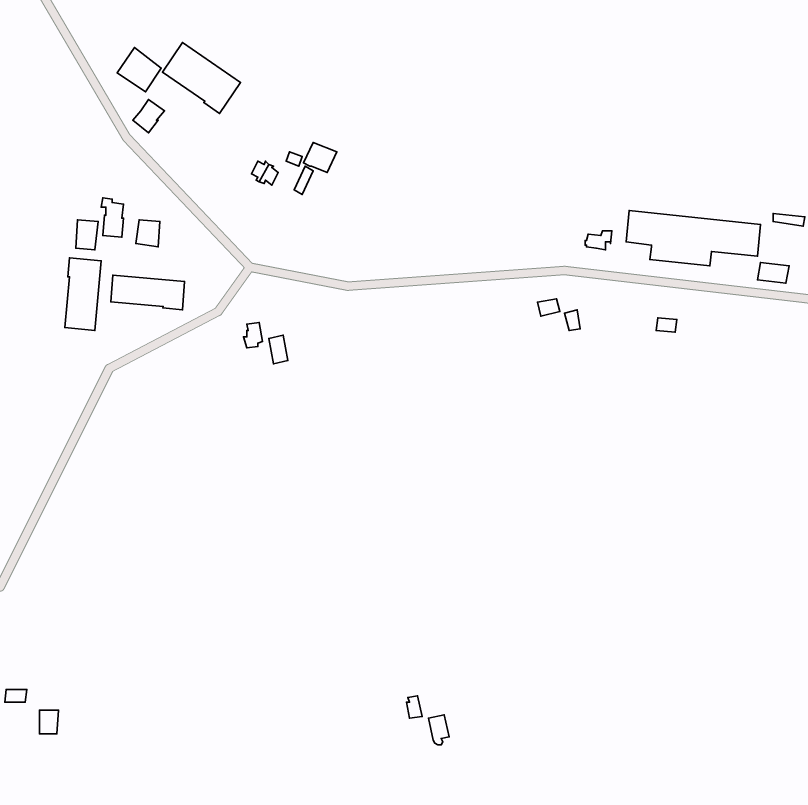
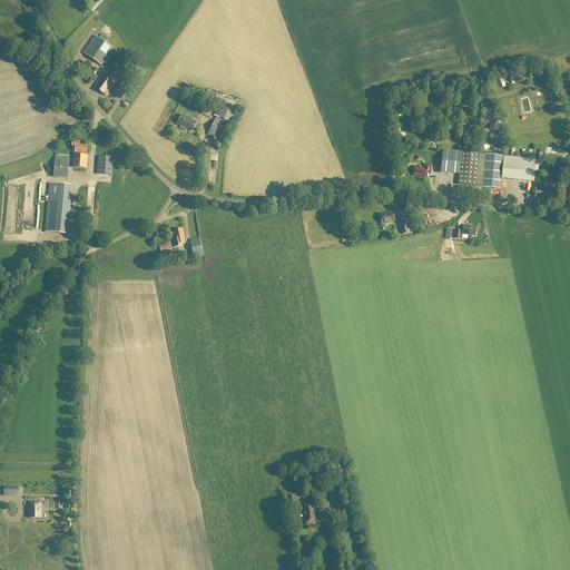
building: [163,43,240,114] -> none
building: [111,275,185,310] -> none

